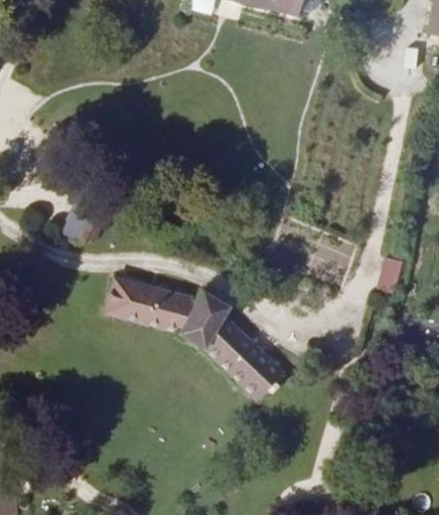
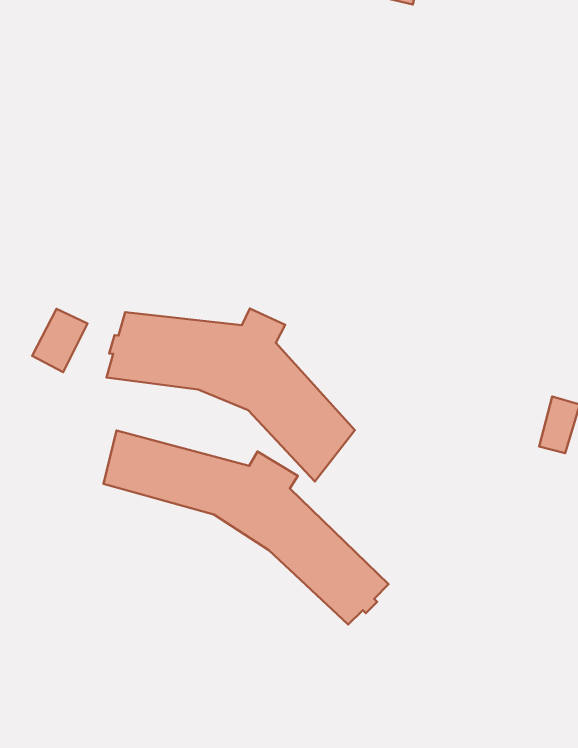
building: none -> [106,308,355,482]

